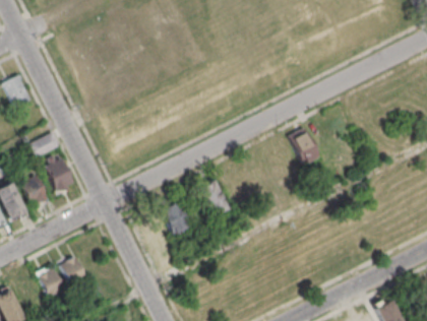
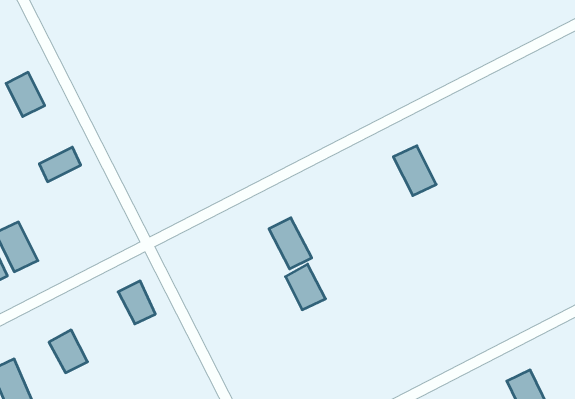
building: [45,153,76,193] -> none
building: [23,175,47,203] -> none
building: [162,200,191,234] -> [285,264,326,310]
building: [59,253,86,284] -> [118,281,155,324]

